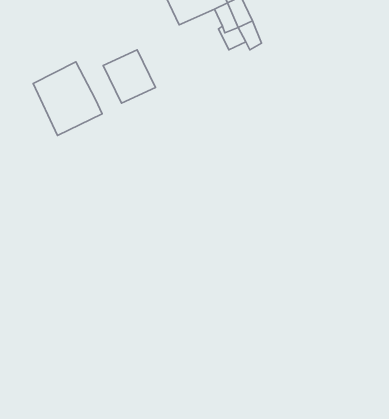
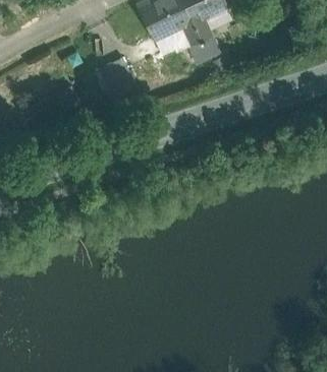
building: [33,62,102,135] -> none

